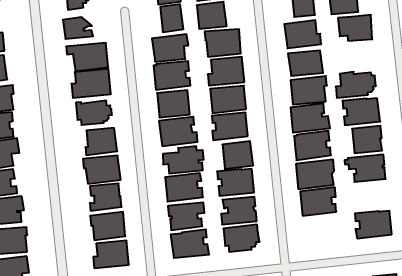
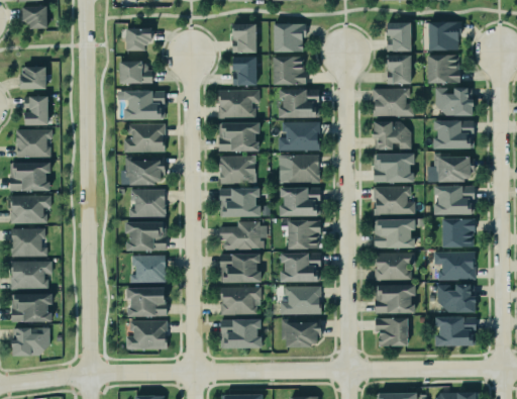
building: none -> [431,118,475,148]
building: none -> [438,285,477,313]
building: none -> [376,318,409,346]

